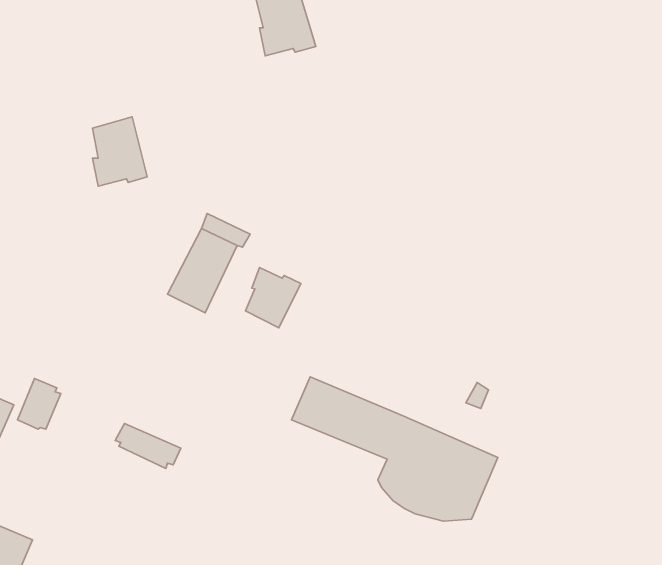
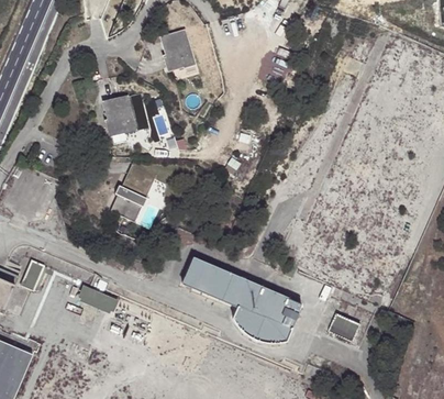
building: [93,117,147,186] -> [106,95,137,135]
building: [246,268,301,328] -> none
building: none -> [330,313,362,341]

